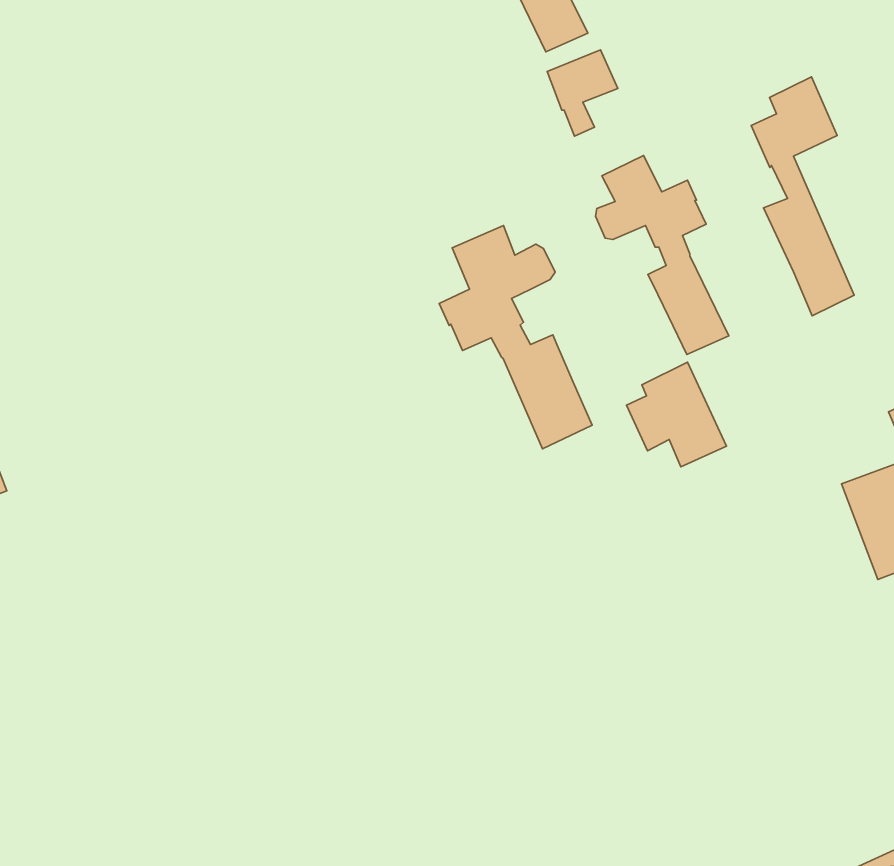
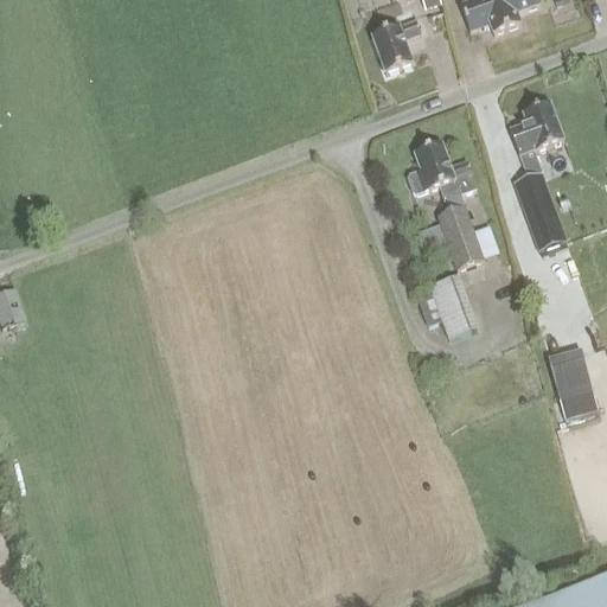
building: [547,50,618,136] -> none
building: [439,226,592,449] -> none

